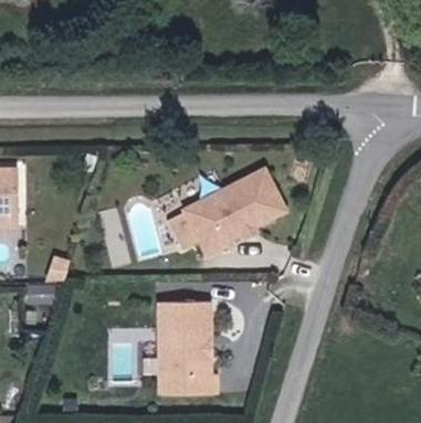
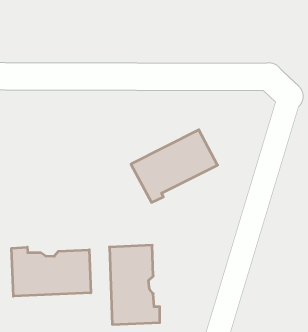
building: none -> [12,247,91,296]

